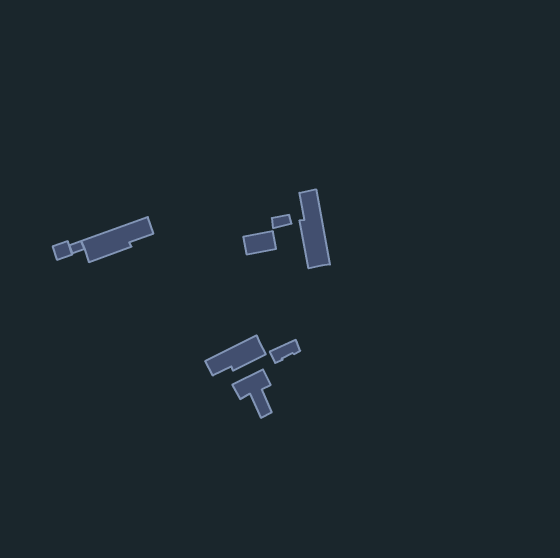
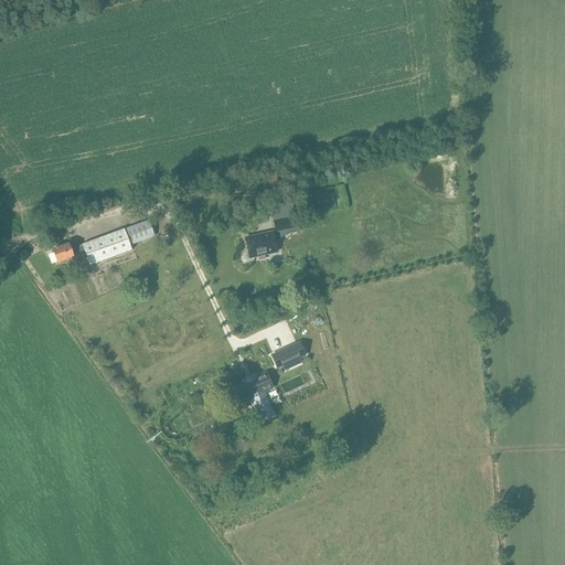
building: [299,189,330,268] -> none
building: [205,335,266,376] -> none

